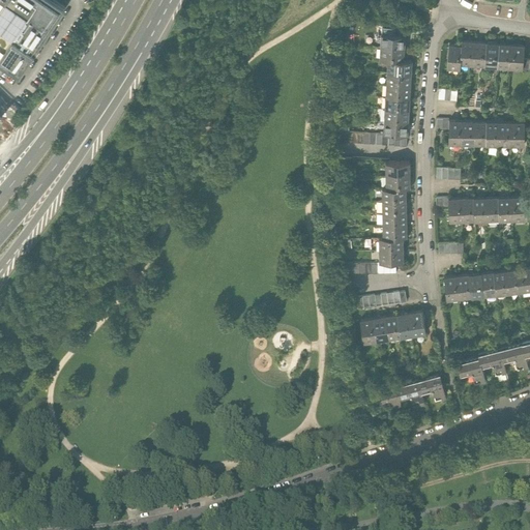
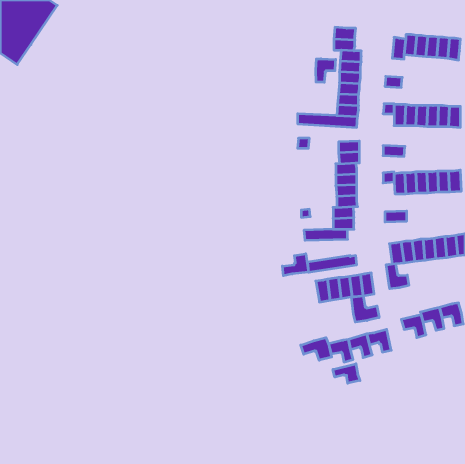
building: none -> [316,59,336,82]
building: none -> [282,254,309,276]
building: none -> [386,264,409,289]
building: none -> [351,296,379,322]
building: none -> [301,338,332,360]
building: none -> [333,364,360,383]

